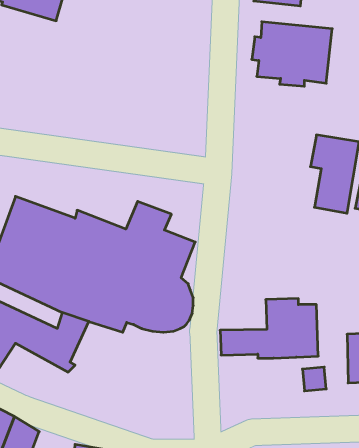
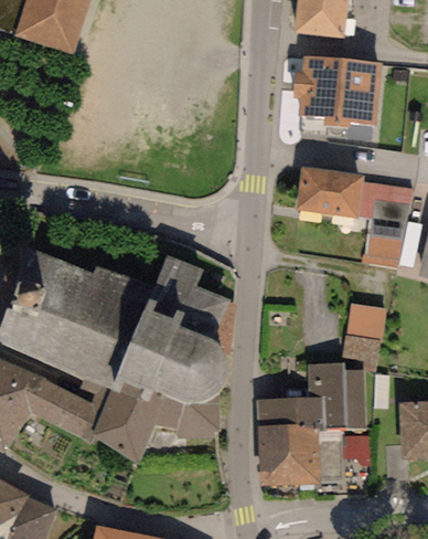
building: none -> [296,166,364,216]
building: none -> [344,304,386,372]
building: none -> [90,389,220,464]
building: none -> [258,425,343,485]

